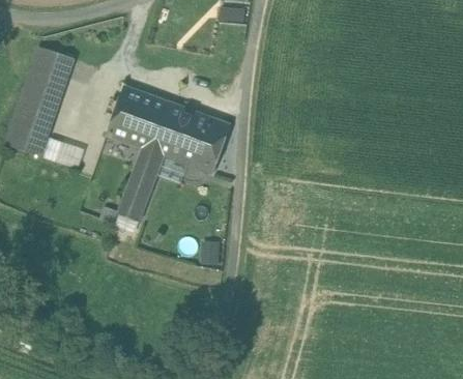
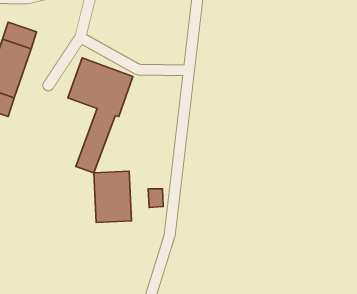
building: [167,110,229,173] -> none
building: none -> [94,171,132,223]

